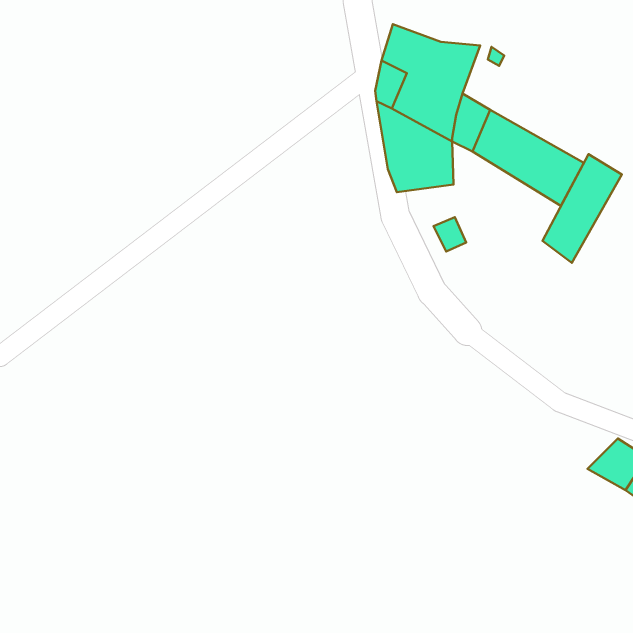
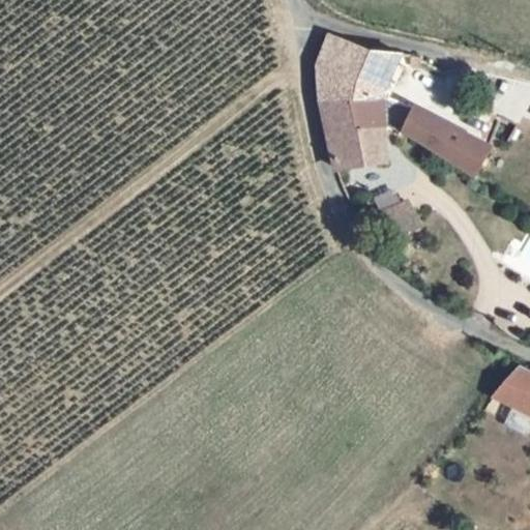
building: [543,154,622,263] -> none

